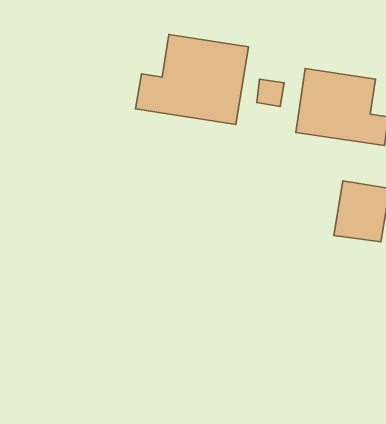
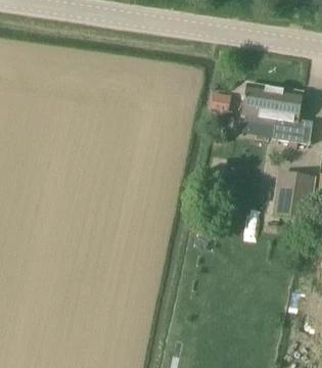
building: [136,34,248,124] -> none

